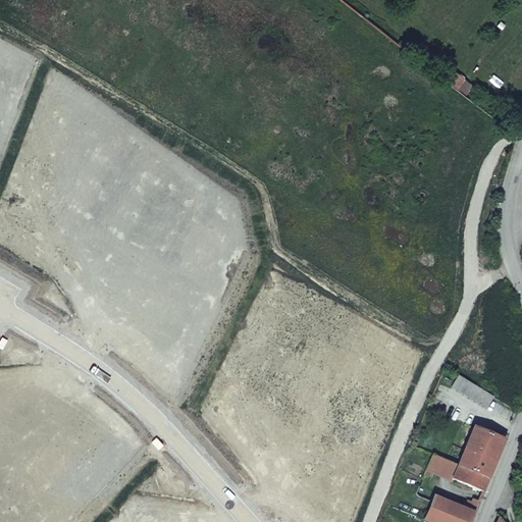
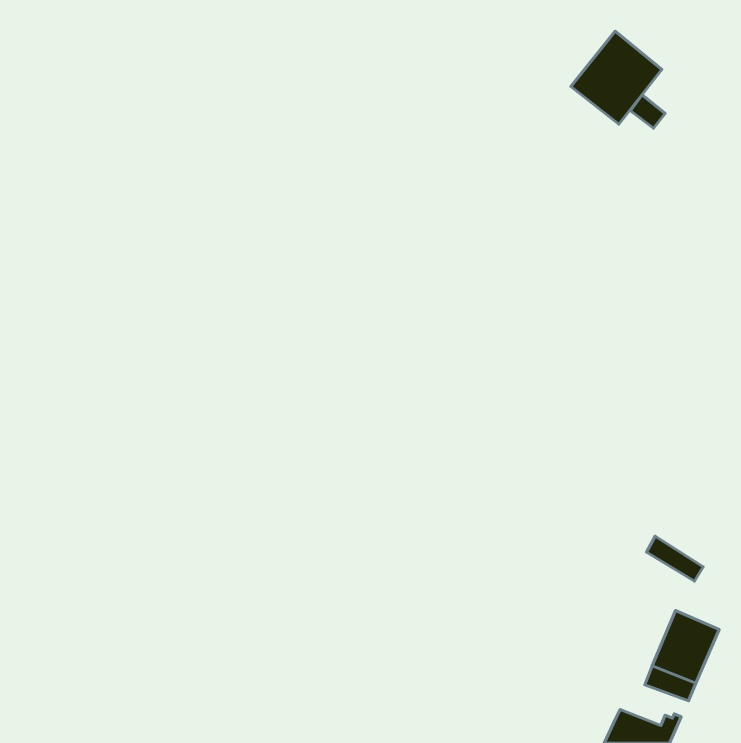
building: none -> [571,31,662,124]
building: [424,455,459,481] -> none

